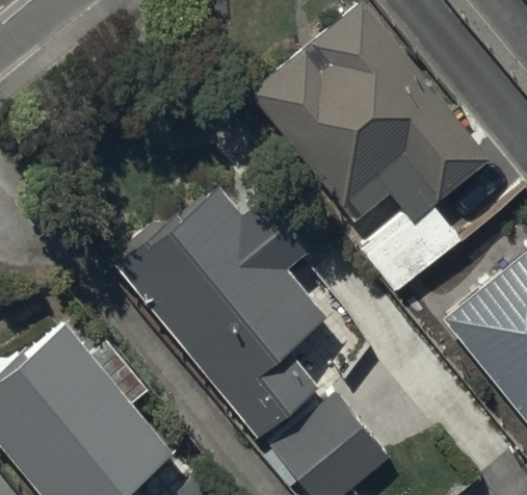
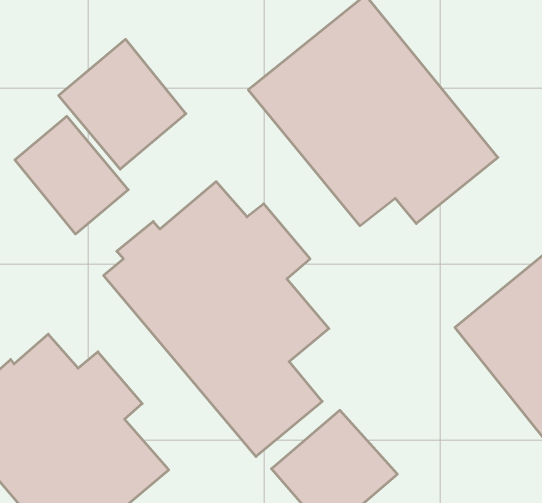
building: none -> [59,39,186,169]
building: none -> [15,116,128,234]

